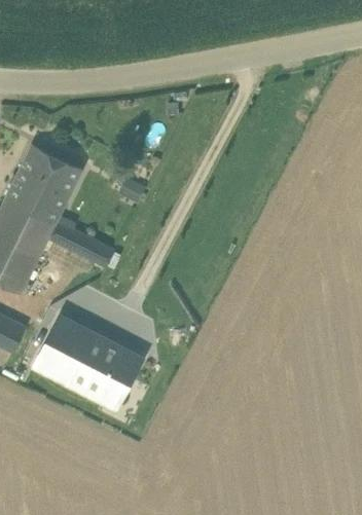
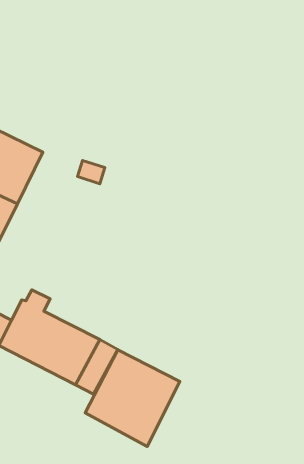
building: [47,222,113,267] -> none
building: none -> [85,350,180,447]

